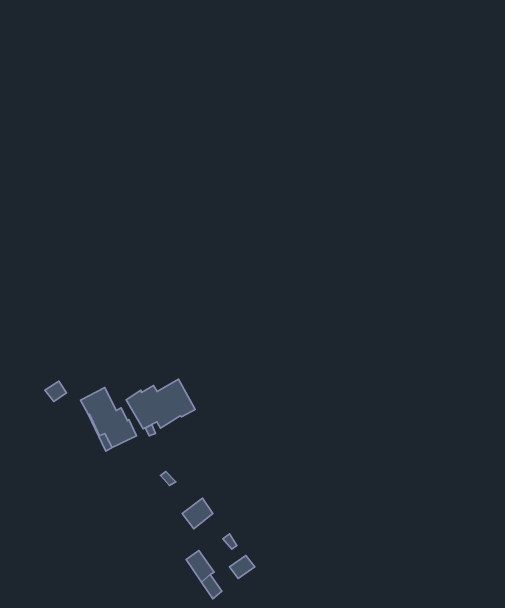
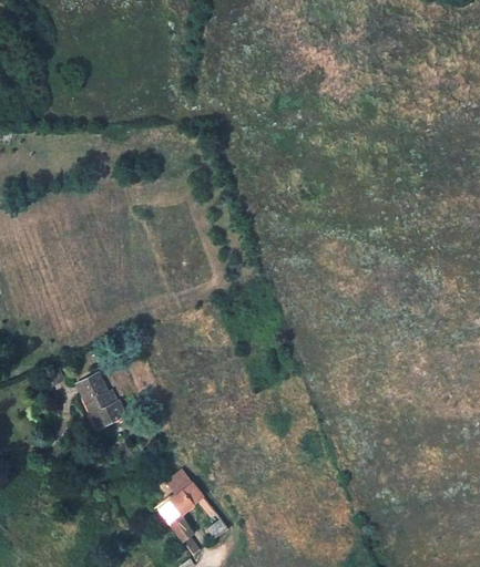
building: [126,379,195,429] -> none
building: none -> [159,483,203,523]

